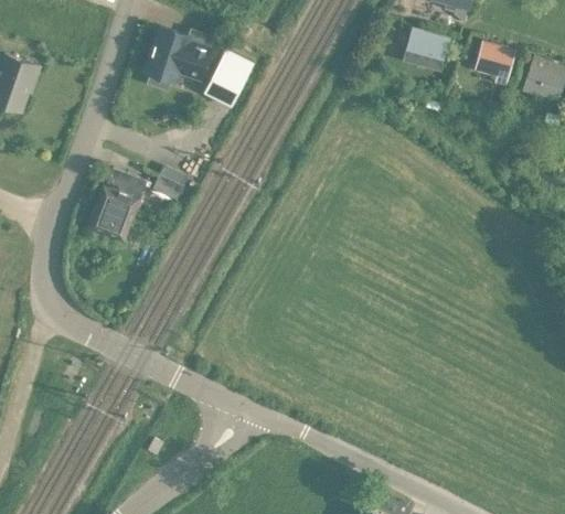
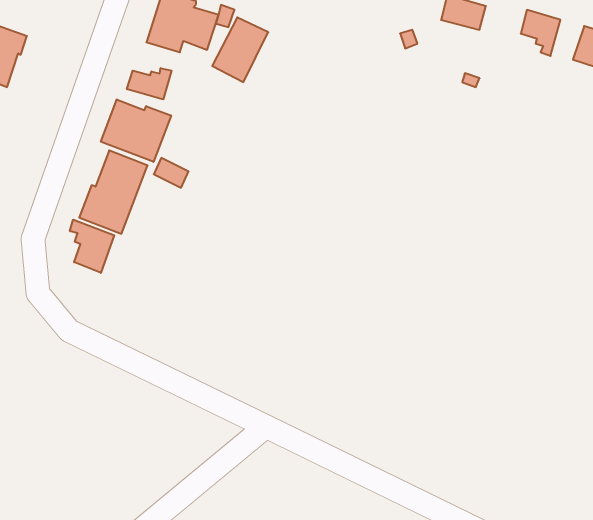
building: none -> [127,68,172,99]
building: none -> [101,99,171,162]
building: none -> [70,220,114,273]

